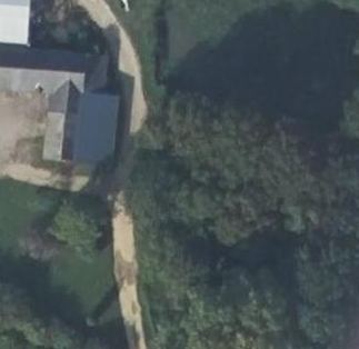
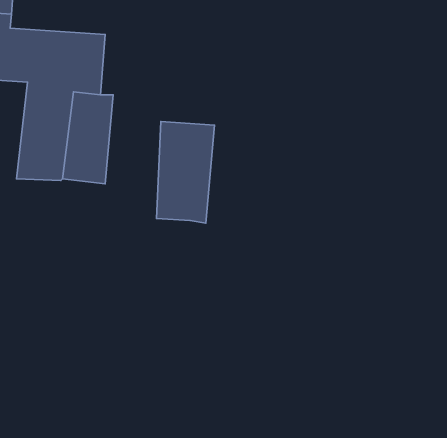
building: none -> [156,121,215,223]

